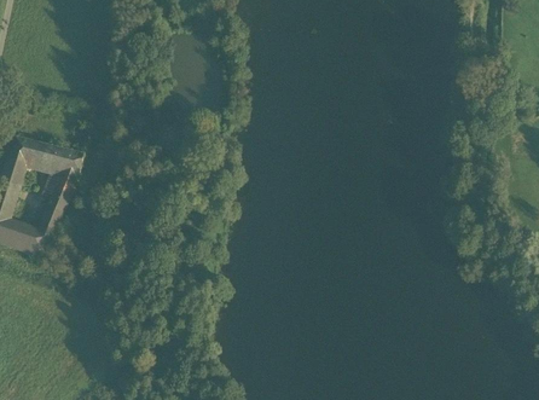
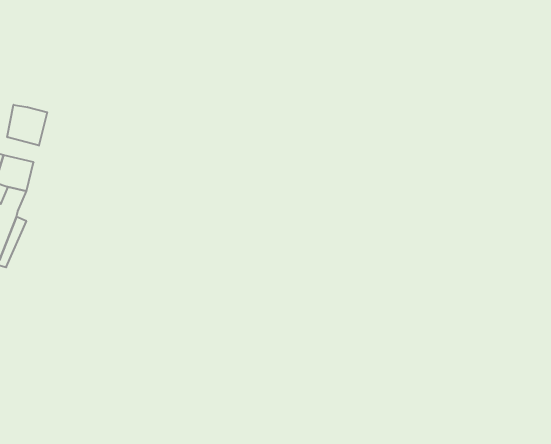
building: none -> [7,105,47,146]

